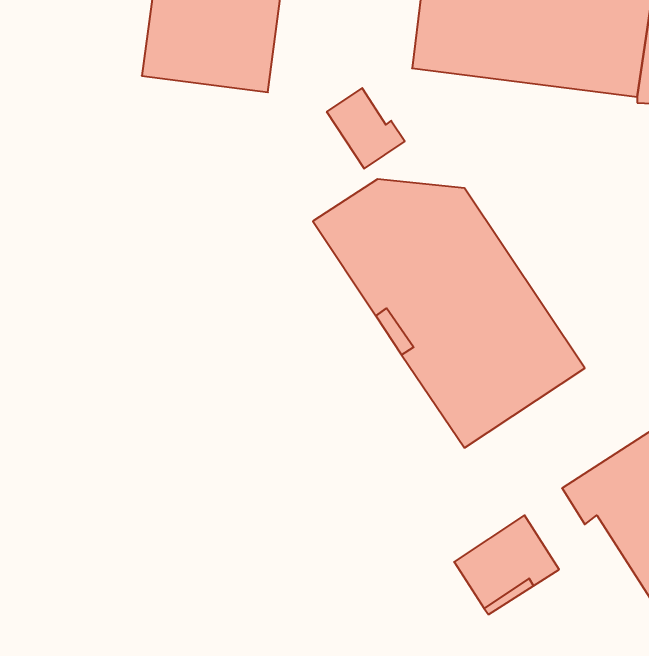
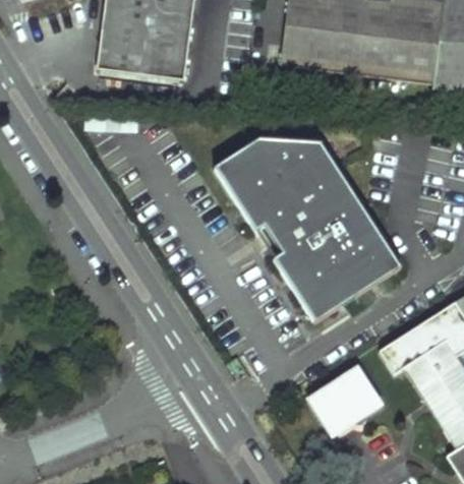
building: [327,88,405,169] -> none

